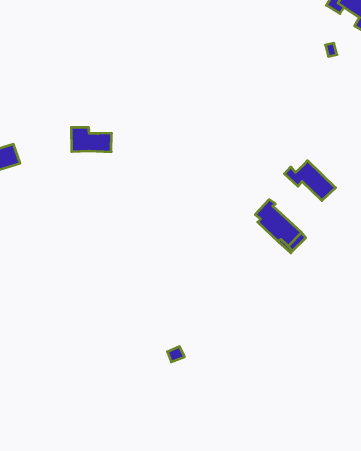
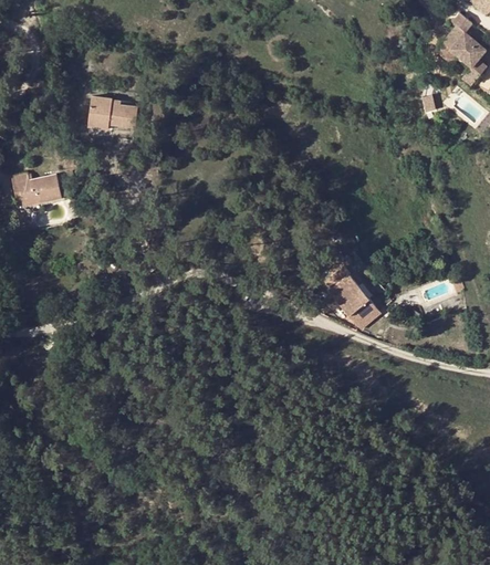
building: [71,127,112,152] -> [90,95,137,127]
building: [284,161,336,201] -> none

